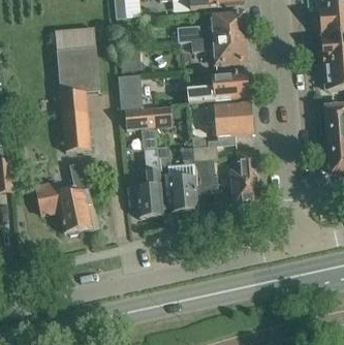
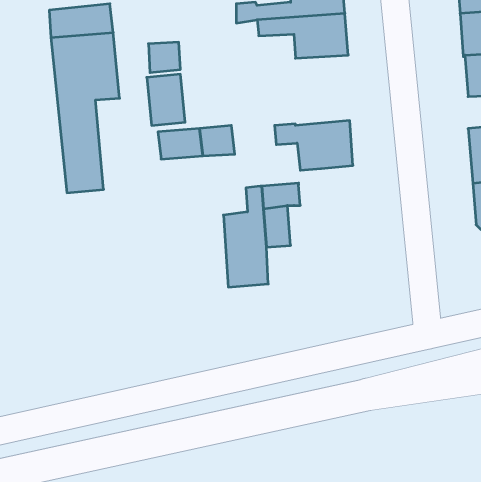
building: [190,71,248,102] -> none
building: [135,128,162,216] -> none
building: [231,152,258,200] -> none
building: [34,161,91,231] -> none

